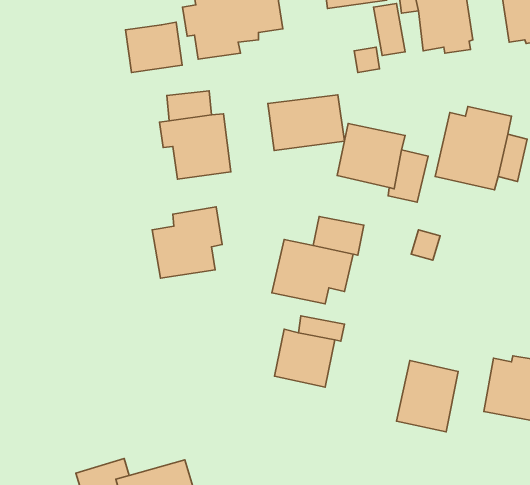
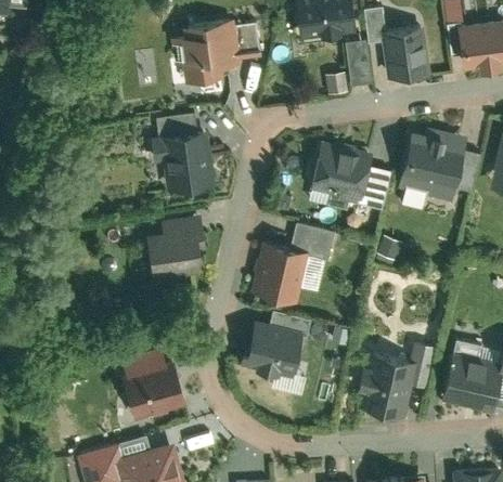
building: [126,22,182,73] -> none
building: [268,95,344,151] -> none
building: none -> [121,349,184,419]

